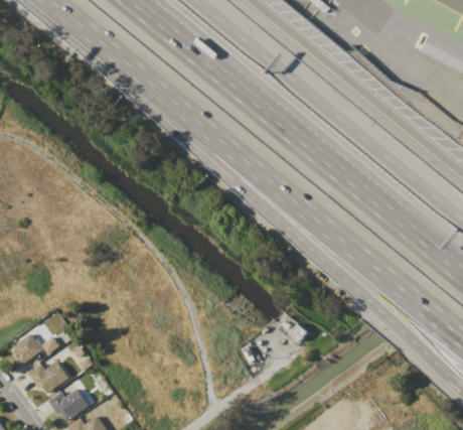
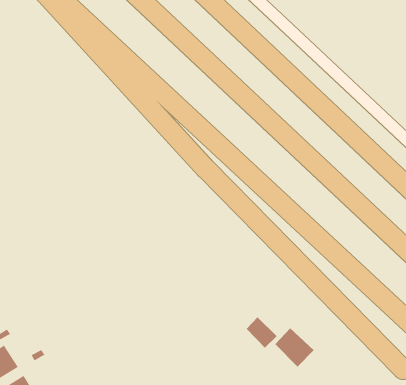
building: none -> [274,328,315,368]

